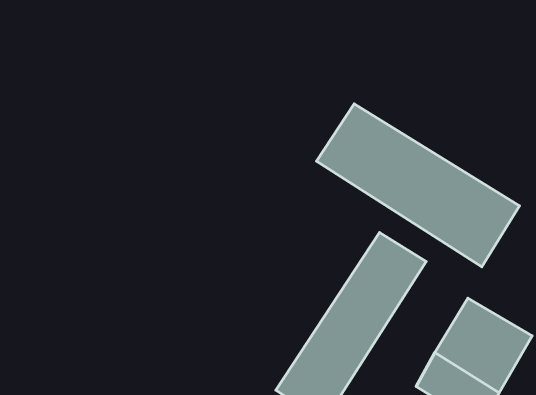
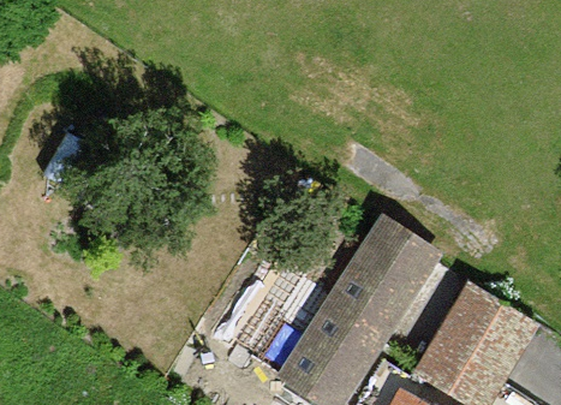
building: [317,104,520,267] -> none

